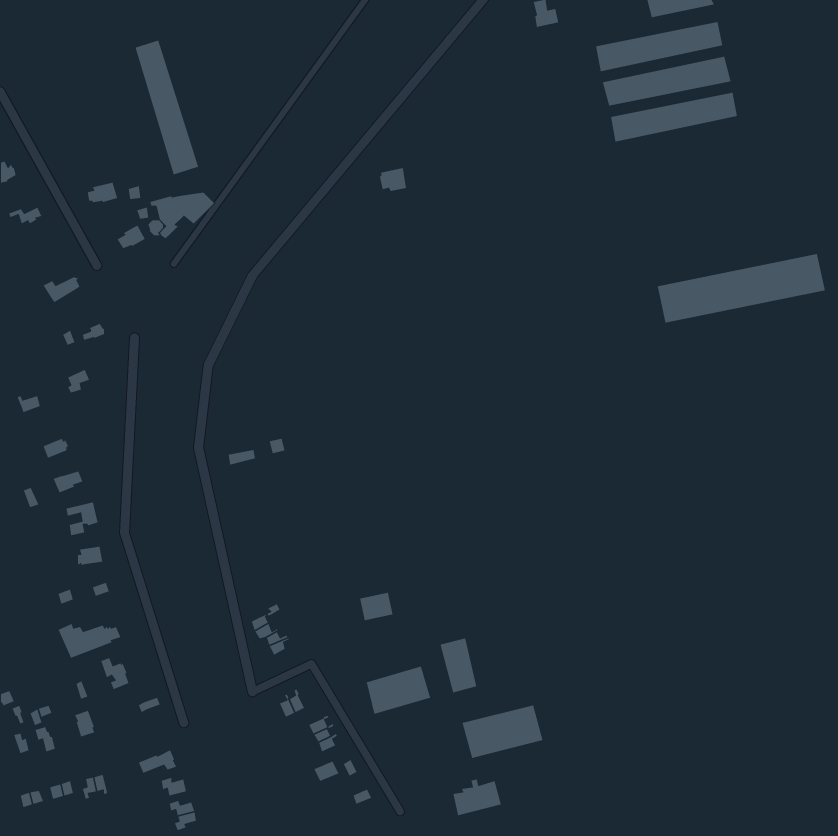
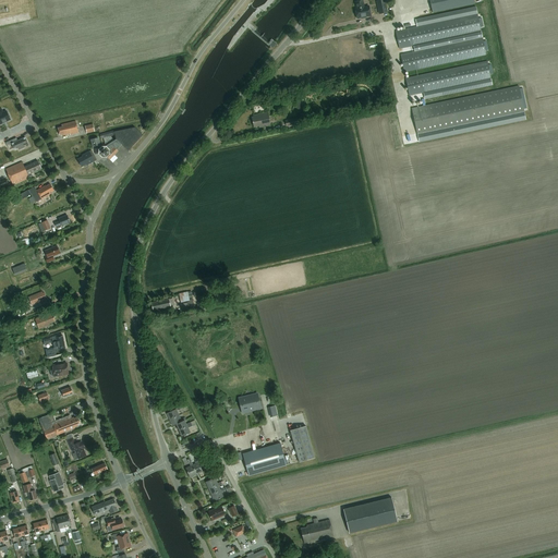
building: [134,39,199,176] -> none
building: none -> [5,160,41,184]
building: [657,253,826,324] -> [412,86,524,133]
building: [462,705,544,759] -> [343,497,398,533]

